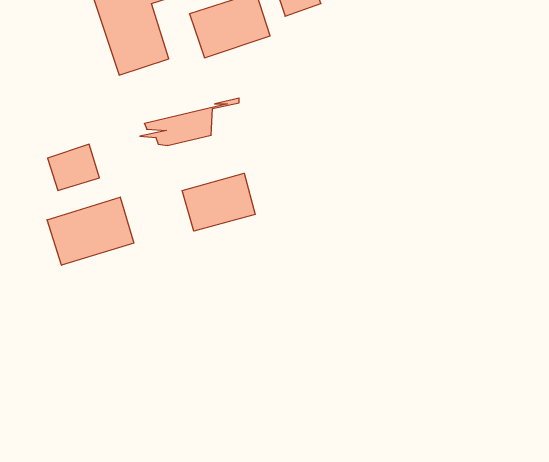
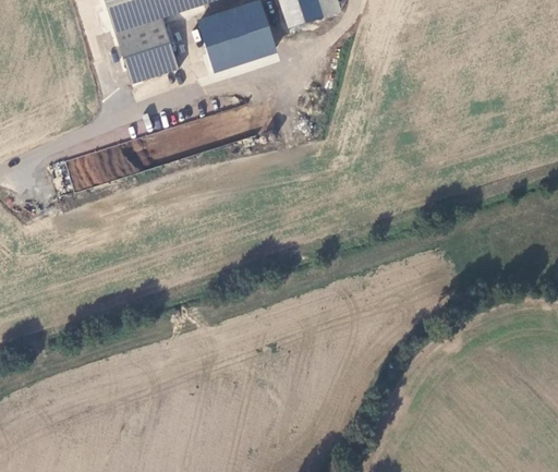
building: [182,173,255,231] -> none
building: [47,197,134,265] -> none

